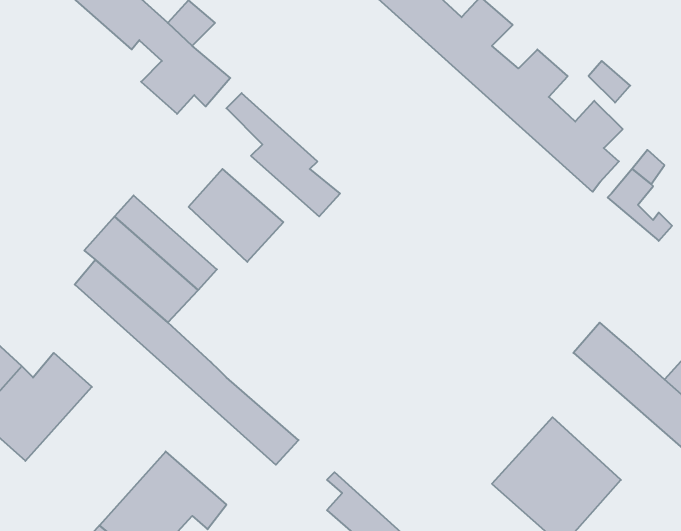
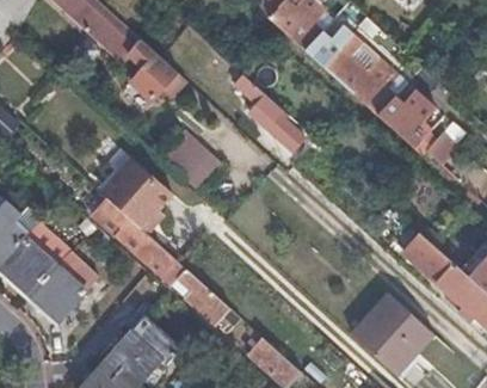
building: [226,93,340,216] -> [233,74,304,152]

